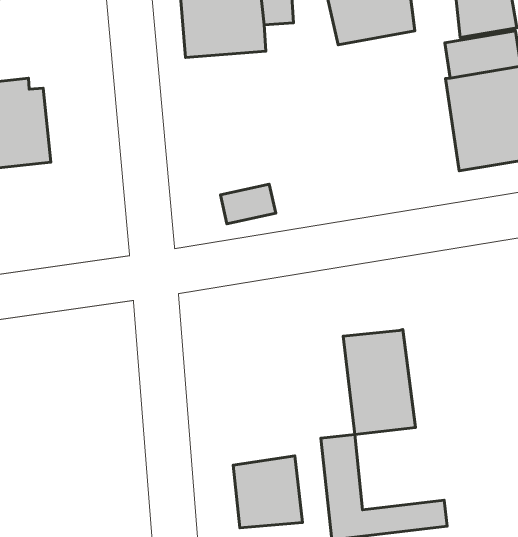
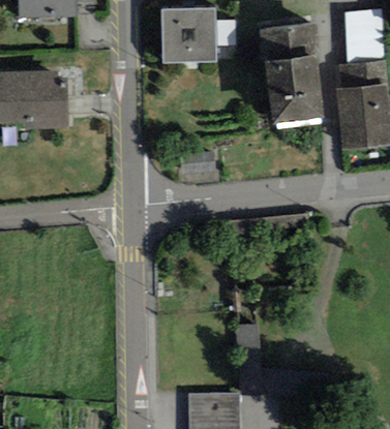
building: none -> [265,55,324,123]
building: [343,329,415,434] -> none
building: [233,456,303,528] -> none

